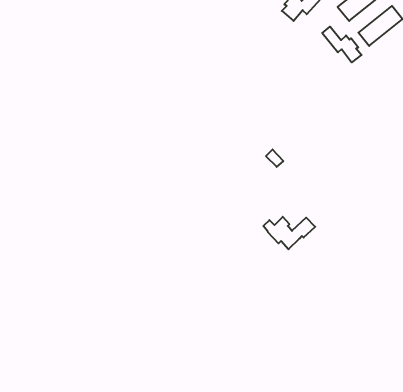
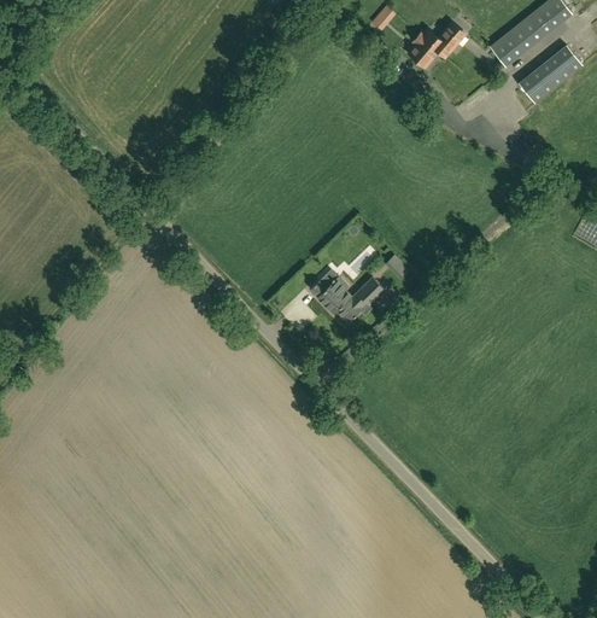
building: [322,27,362,62] -> none
building: [263,217,315,249] -> [310,276,385,323]

